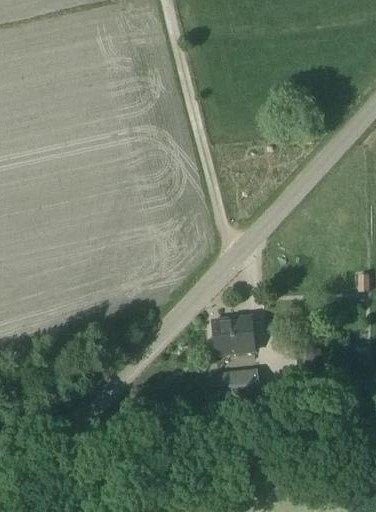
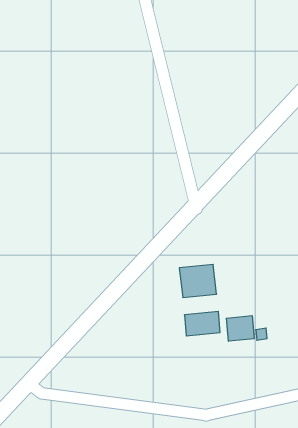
building: none -> [226,316,254,341]

